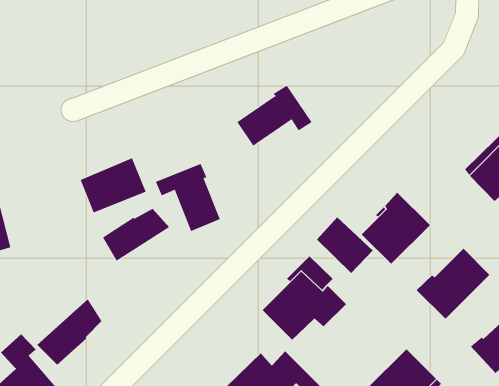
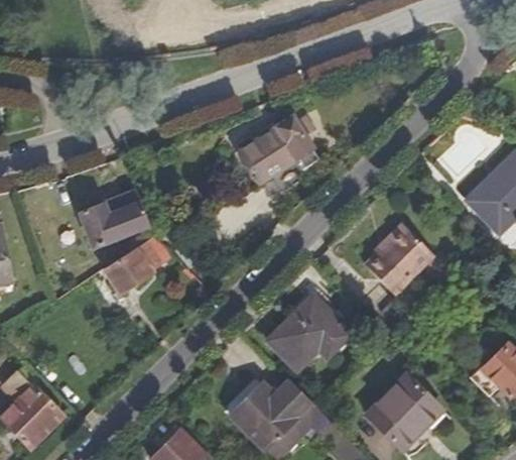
building: [155,163,220,232] -> none
building: [316,217,374,274] -> none
building: [416,248,490,320] -> none
building: [37,299,102,366] -> none

